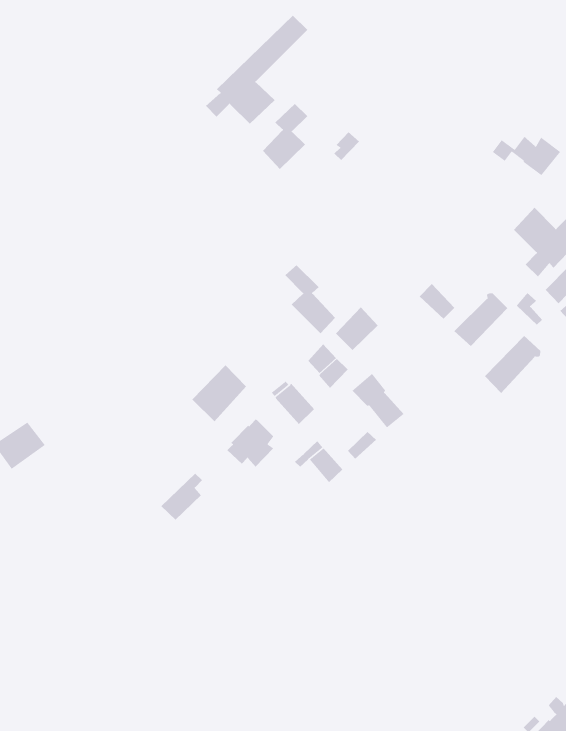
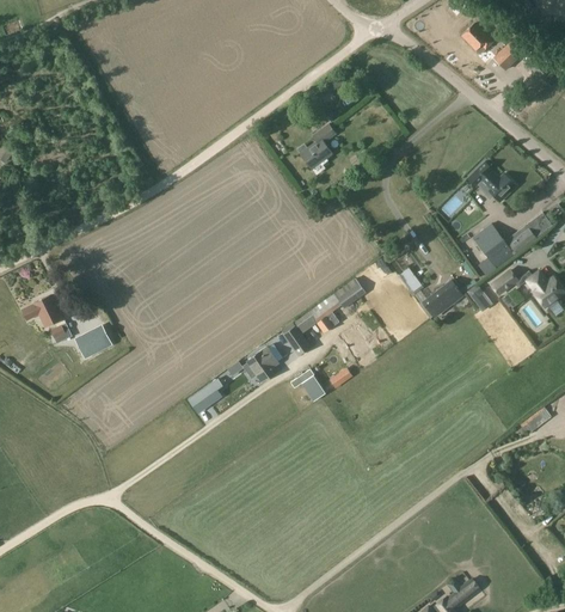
building: [205,15,308,124] -> none
building: [284,264,336,334] -> none
building: [484,335,541,394] -> none
building: [192,364,247,422] -> none

